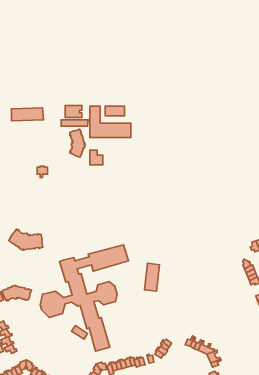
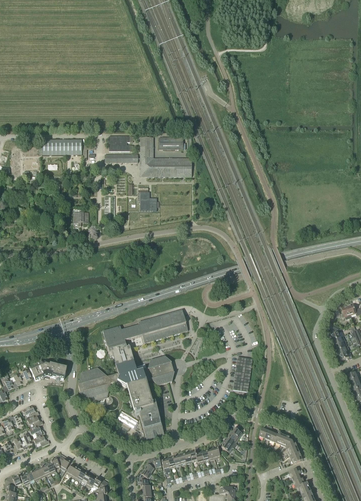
building: [70,129,85,157] -> none
building: [9,229,43,250] -> none
building: [144,263,160,291] -> [233,355,252,390]

